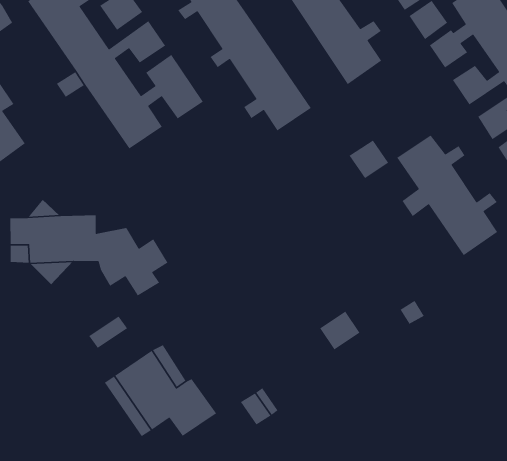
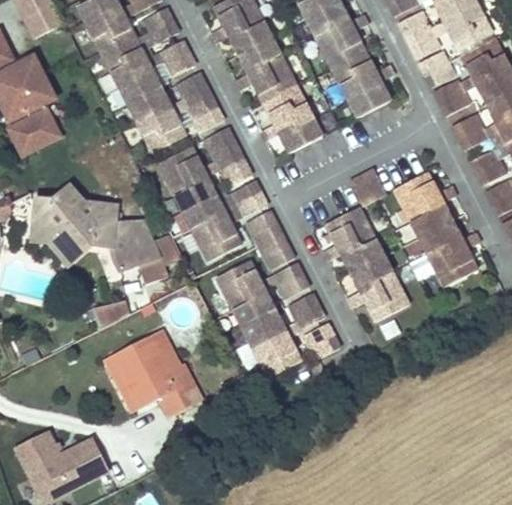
building: none -> [157,124,269,260]
building: none -> [323,206,407,320]
building: none -> [246,208,295,267]
building: none -> [215,259,326,376]

